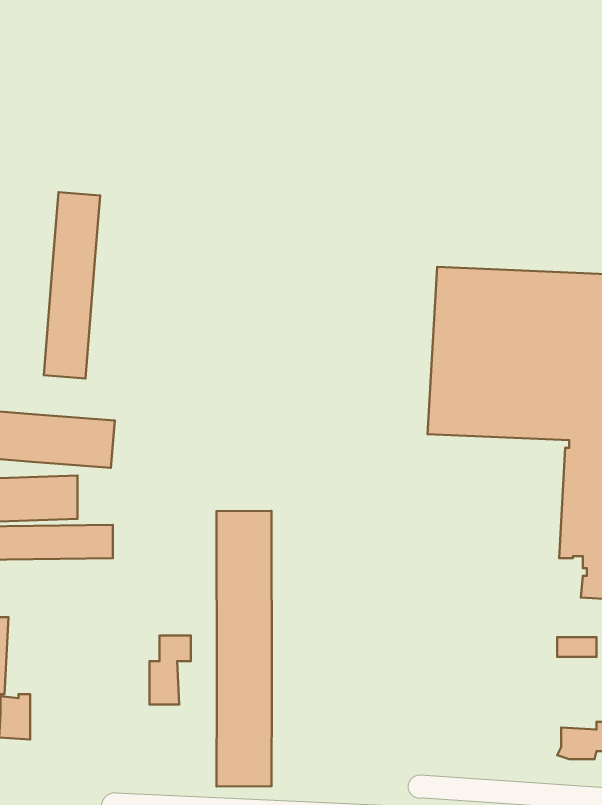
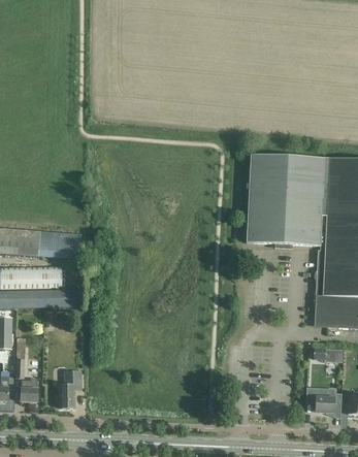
building: [44,192,100,378] -> none
building: [216,511,272,786] -> none
building: [150,636,191,704] -> [60,371,82,407]

